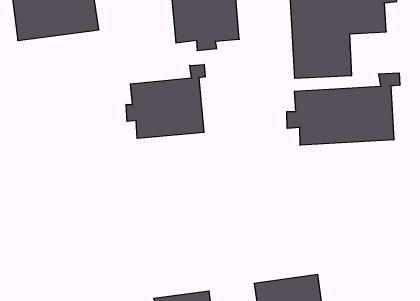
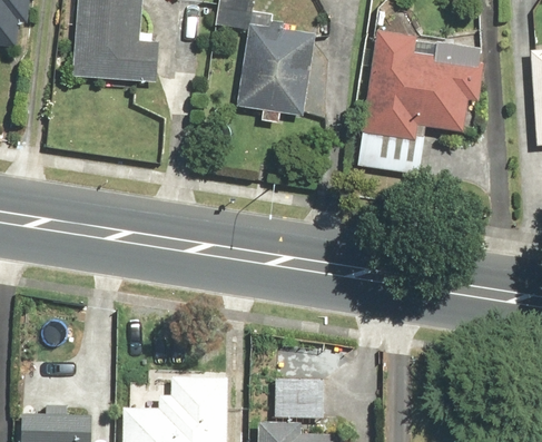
building: [126,64,205,138] -> none
building: [287,73,400,145] -> none

